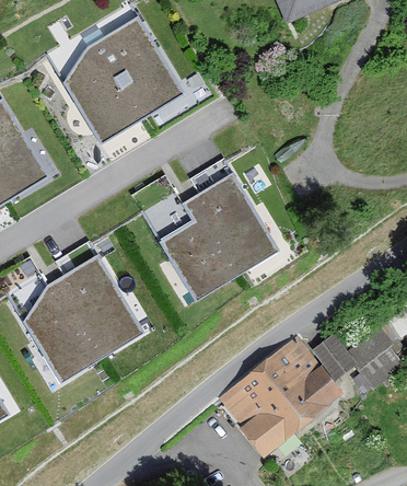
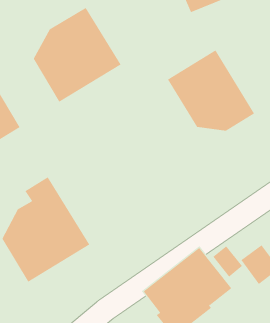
building: none -> [167,49,255,132]
building: [161,159,279,300] -> none

